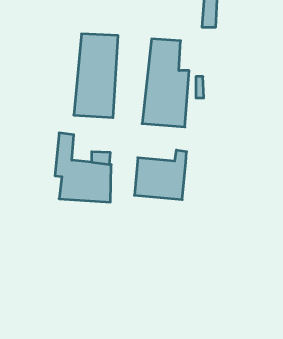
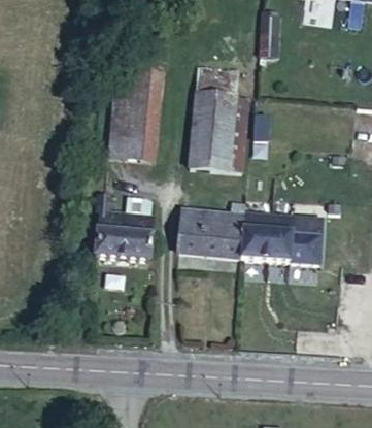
building: none -> [237,212,319,264]

